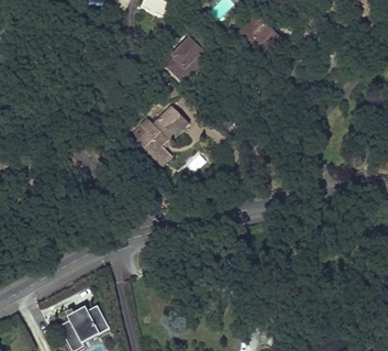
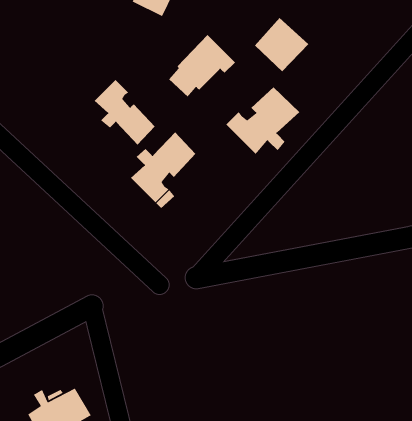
building: none -> [94,79,156,146]
building: none -> [225,87,300,155]

